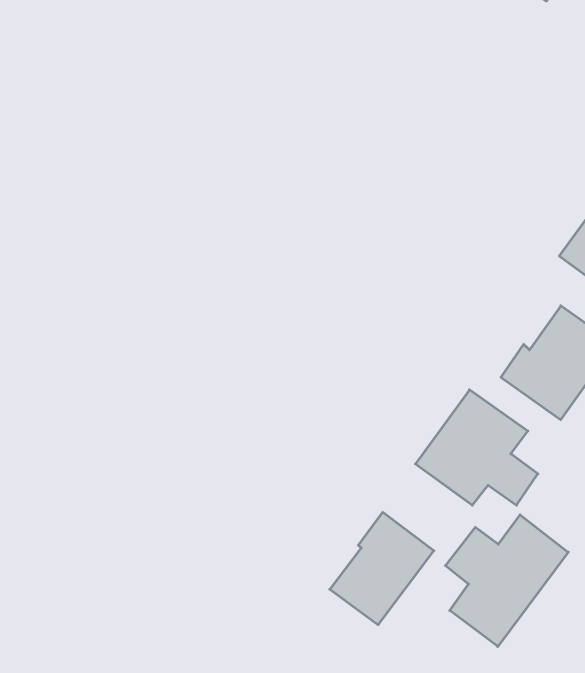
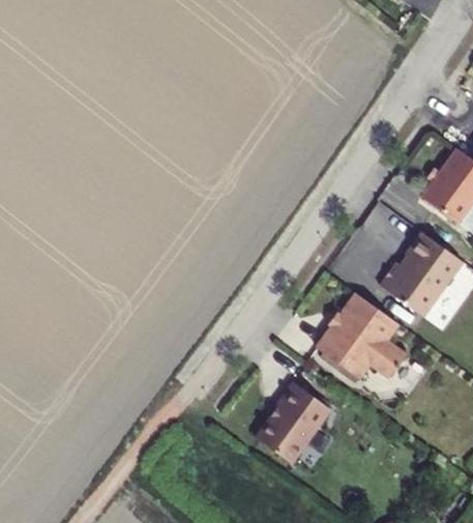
building: [445,515,568,647] -> none

